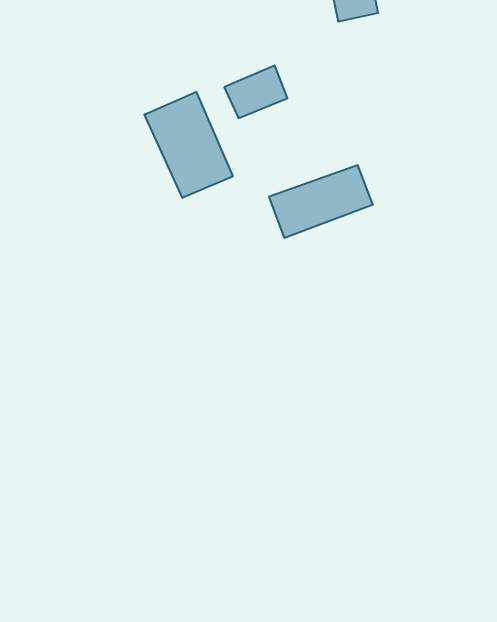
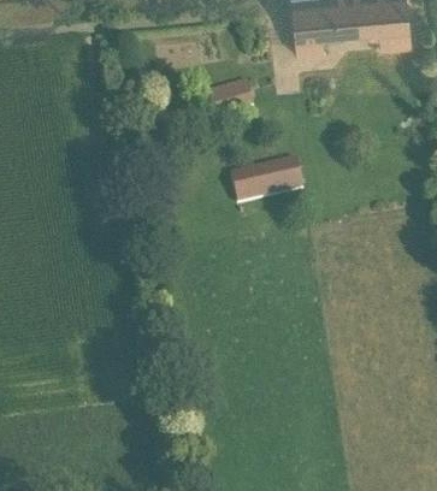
building: [144,92,233,198] -> none

